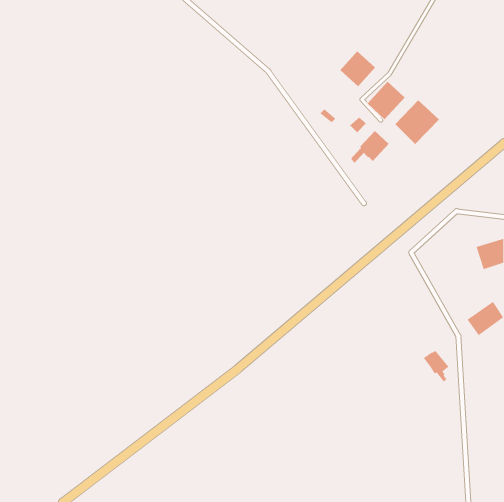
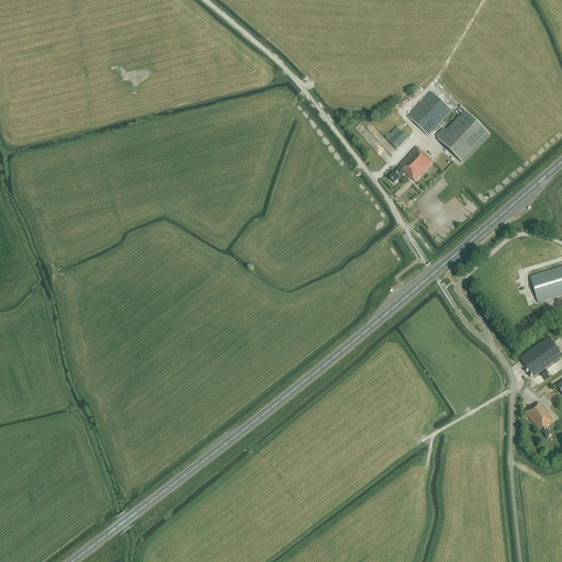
building: [340,50,376,87] -> none
building: [423,350,449,382] -> [525,401,554,437]

